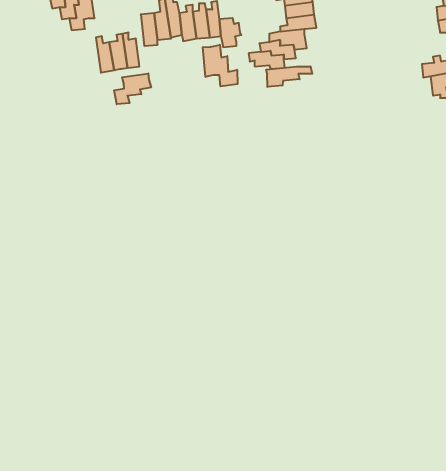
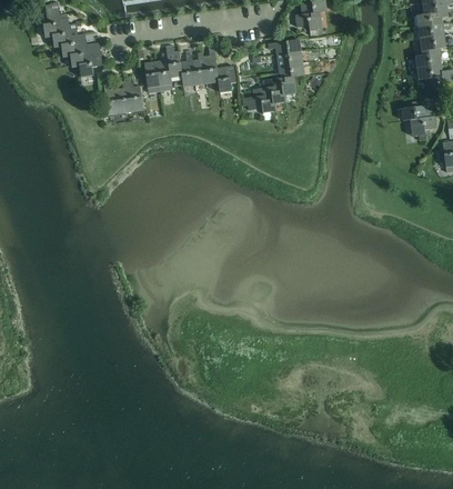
building: [203,45,238,86] -> none
building: [266,66,312,87] -> none
building: [114,73,151,104] -> none

